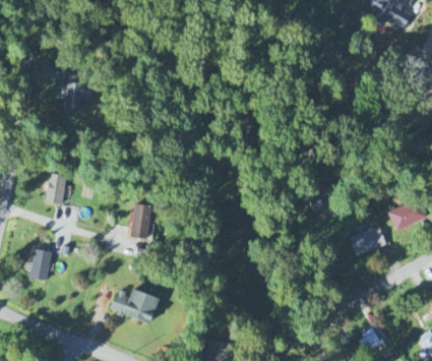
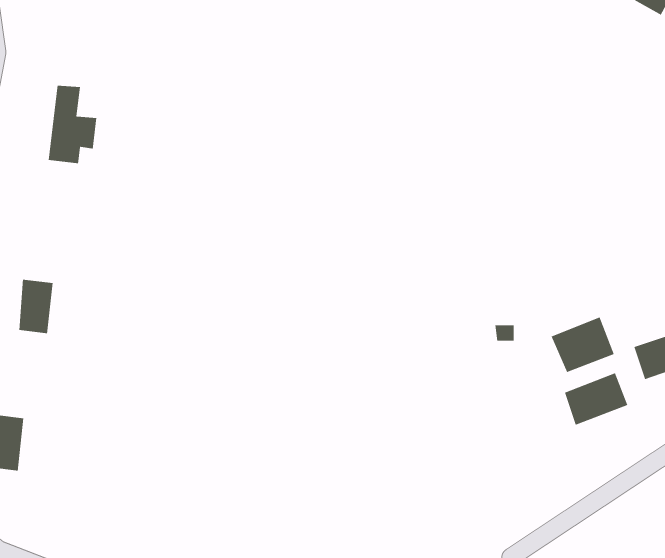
building: none -> [551,317,614,373]
building: [130,204,150,239] -> none
building: [109,289,158,323] -> none

